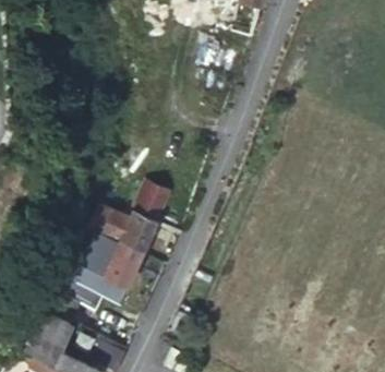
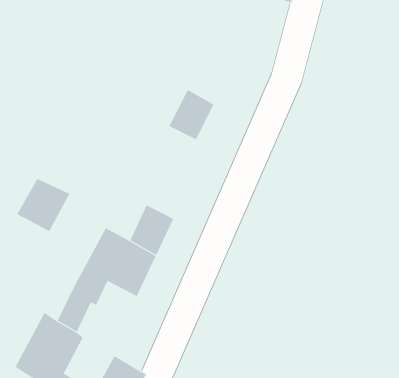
building: [132,176,171,219] -> [168,89,214,140]
building: none -> [17,178,70,232]

